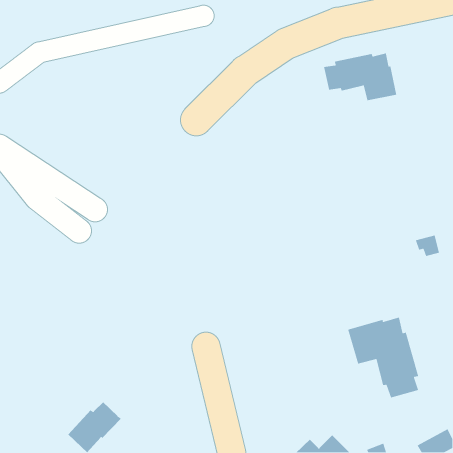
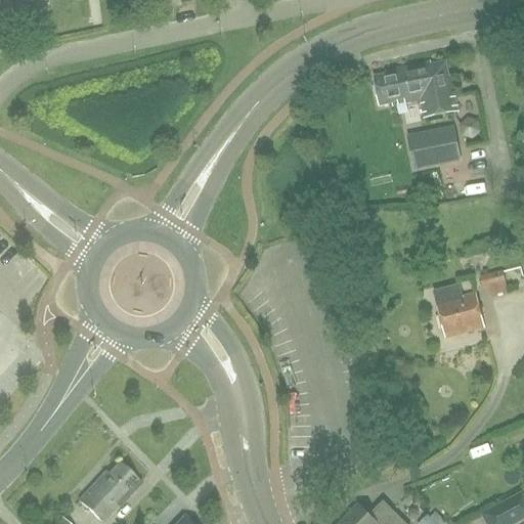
building: none -> [407,126,460,168]
building: none -> [431,285,483,338]
building: [347,316,419,399] -> none

